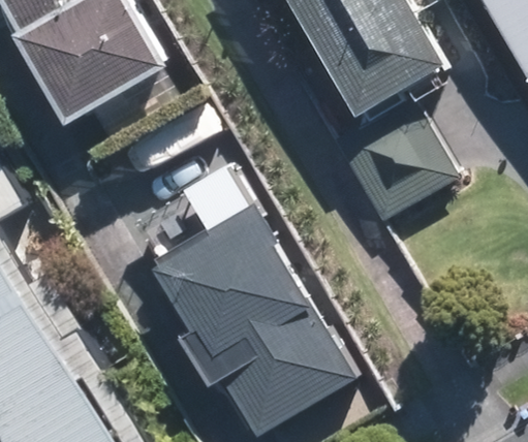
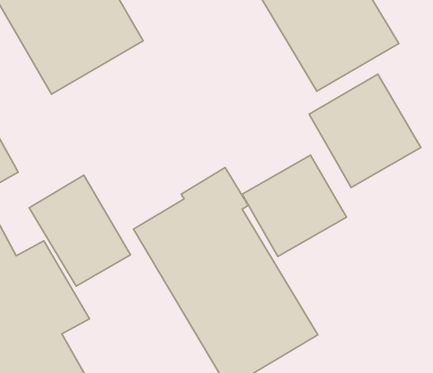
building: none -> [242,155,347,257]
building: none -> [29,175,131,286]

